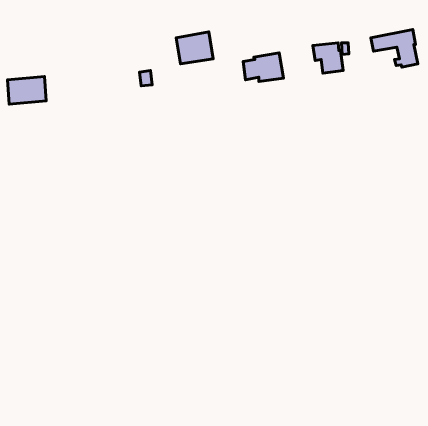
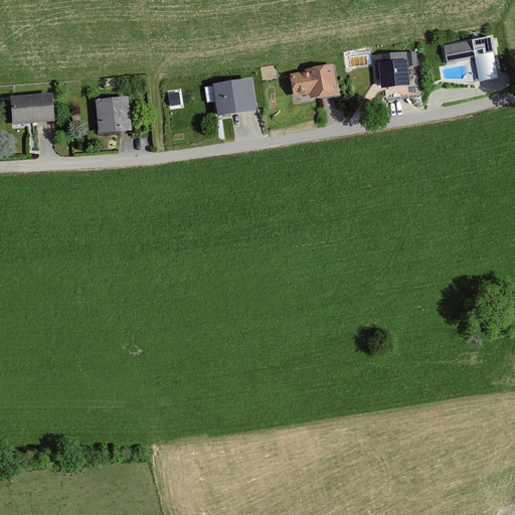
building: [176,32,213,64] -> [213,77,258,116]
building: none -> [95,97,132,133]

